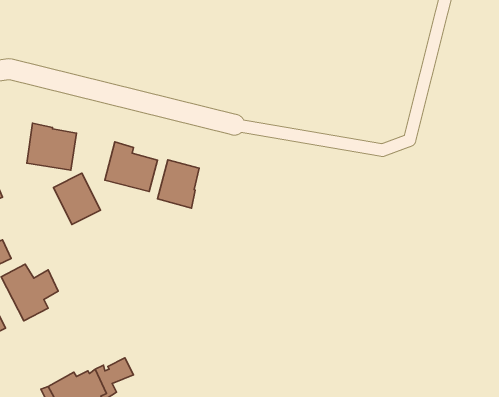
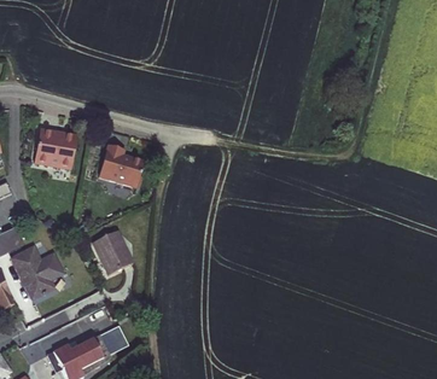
building: [158,160,199,208] -> none
building: [53,173,100,224] -> [92,231,132,274]

